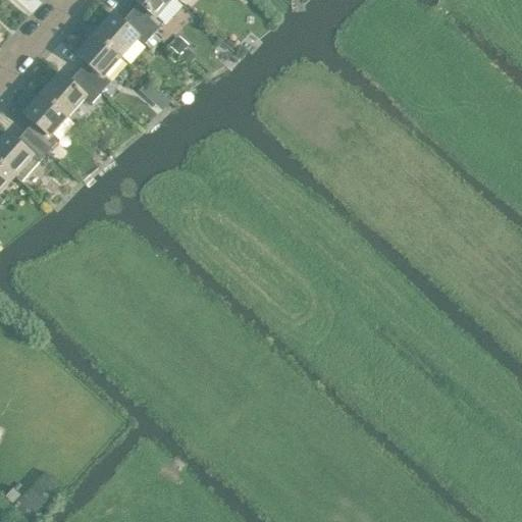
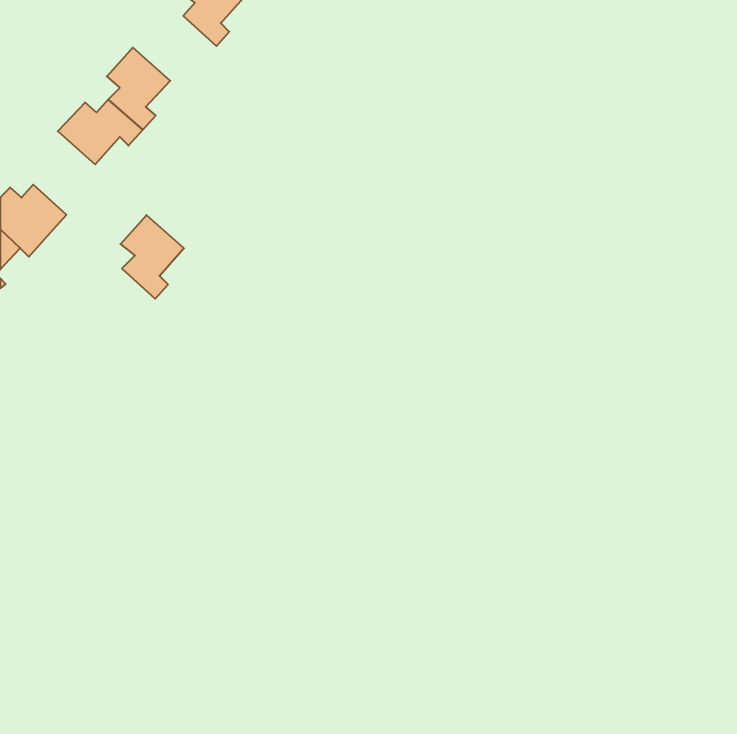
building: [94,11,153,57] -> none
building: [22,93,67,152] -> [120,215,184,299]

